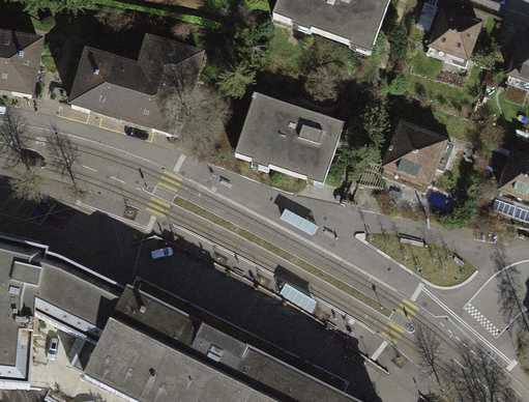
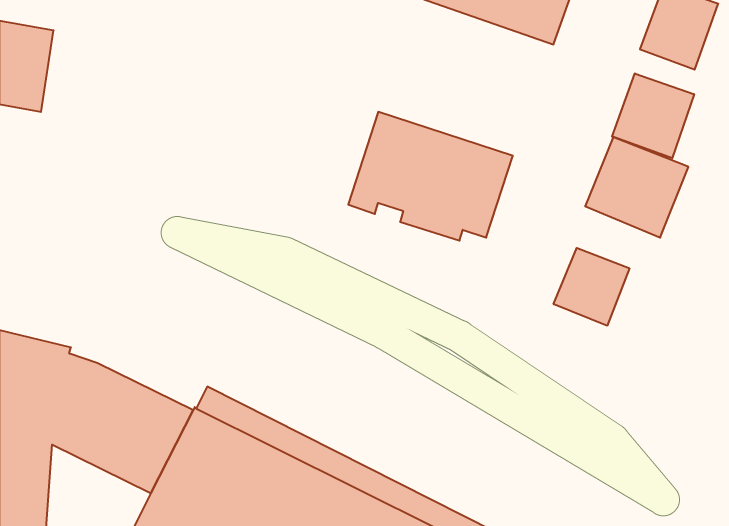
building: [67,40,197,137] -> none
building: none -> [612,73,694,158]
building: none -> [554,248,629,326]

